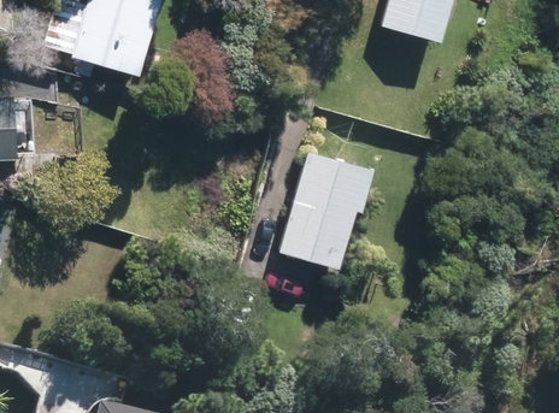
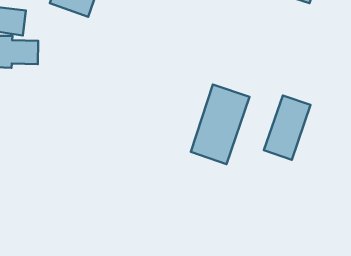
building: none -> [264,96,311,160]

